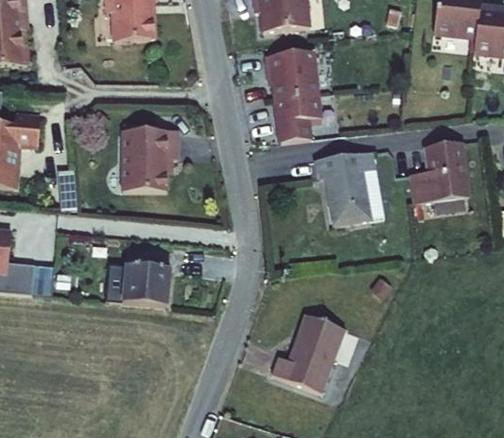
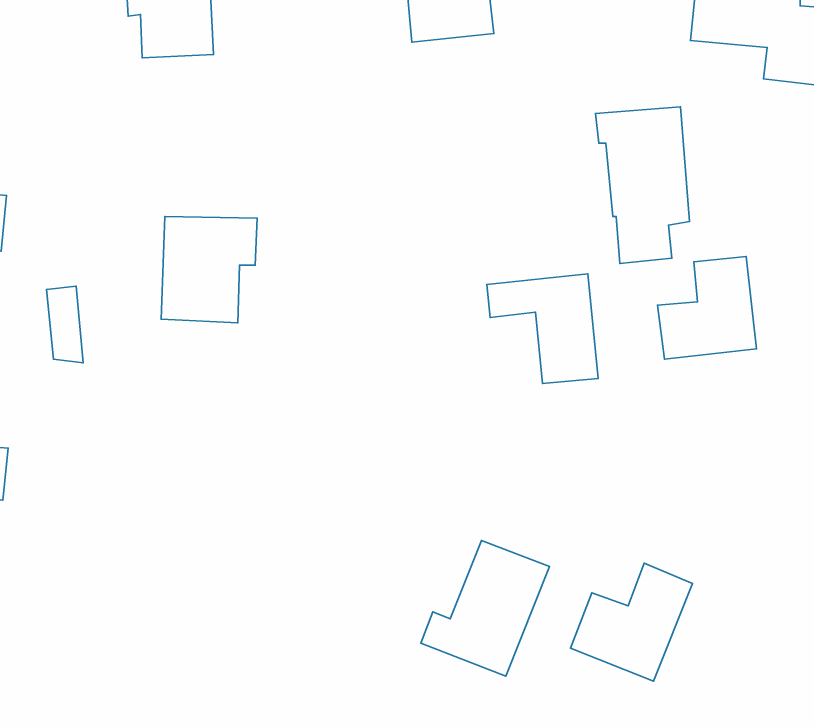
building: [269,49,323,139] -> [595,107,689,263]
building: [122,260,173,304] -> none
building: none -> [571,563,692,681]

